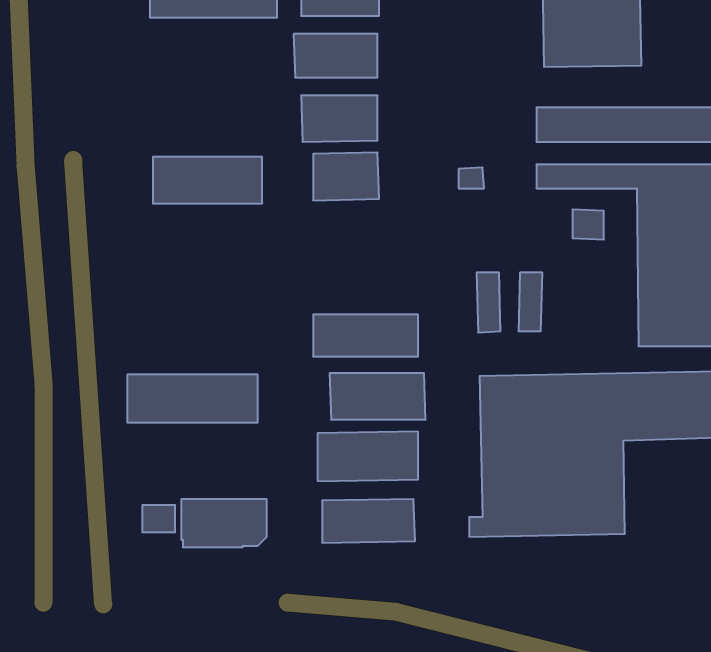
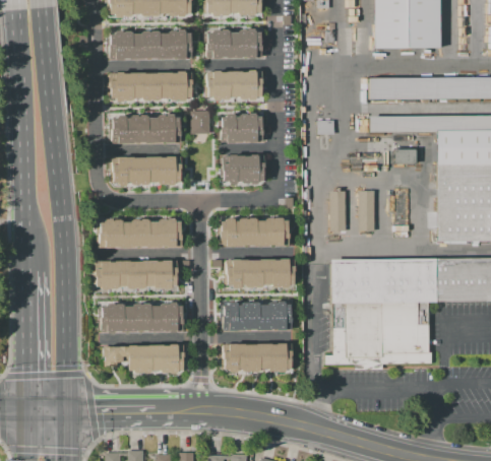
building: none -> [110,26,194,59]
building: none -> [108,70,195,102]
building: none -> [191,111,210,132]
building: none -> [222,154,264,184]
building: none -> [111,155,183,188]
building: none -> [101,214,184,248]
building: none -> [101,302,185,332]

